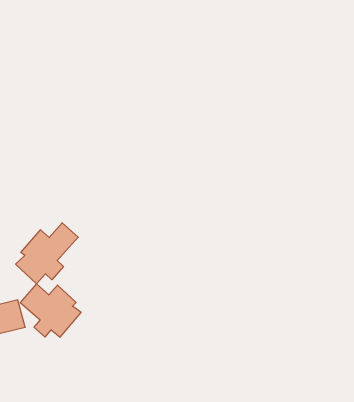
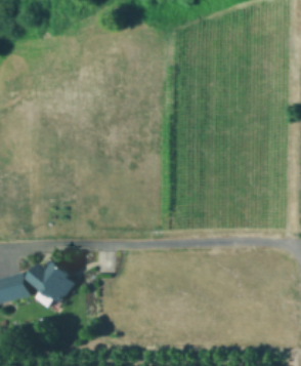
building: [16,223,78,284] -> none

